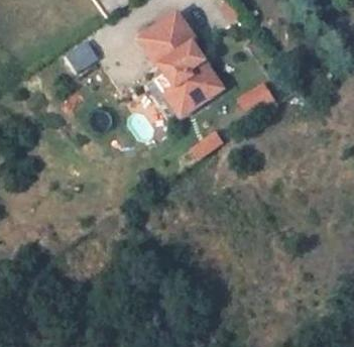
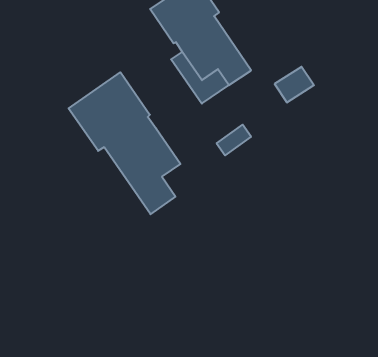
building: none -> [69,72,180,214]

